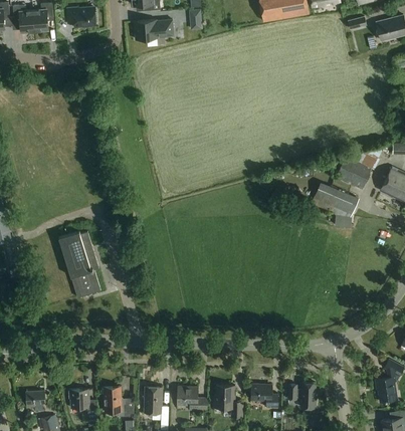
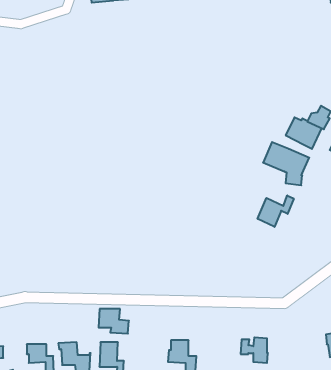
building: [58,230,100,297] -> none
building: none -> [258,195,294,227]
building: [250,383,277,407] -> none
building: [176,386,207,411] -> [99,309,129,334]

